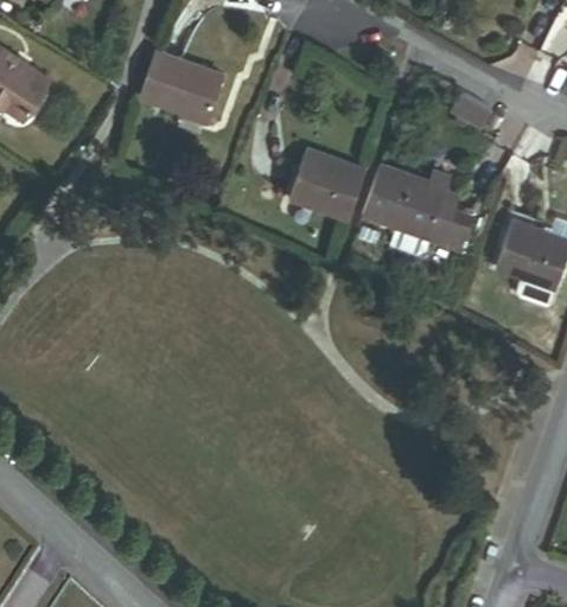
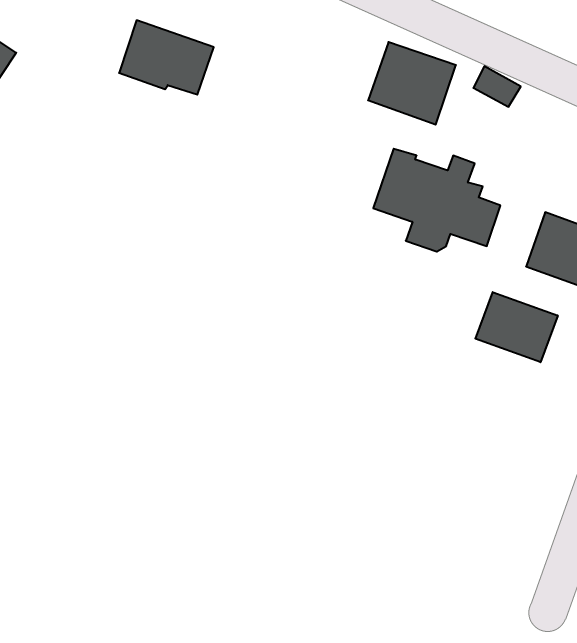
building: [288,148,365,221] -> [368,42,456,125]
building: none -> [475,292,558,362]

